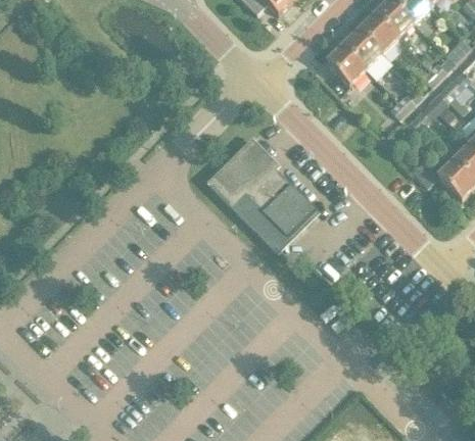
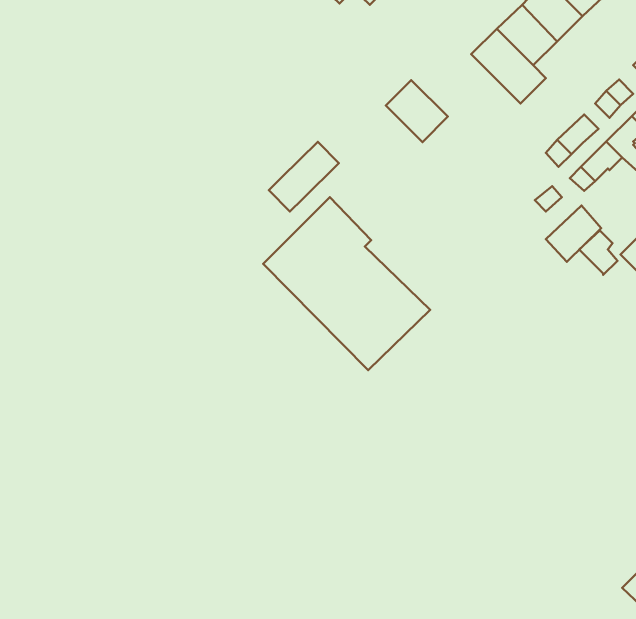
building: [325,47,365,87] -> [386,80,448,142]
building: none -> [269,142,339,212]
building: none -> [546,206,601,262]

